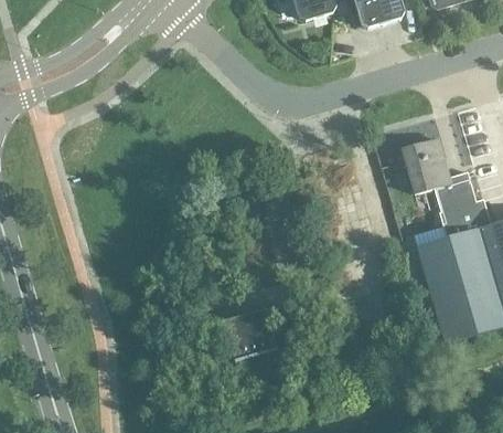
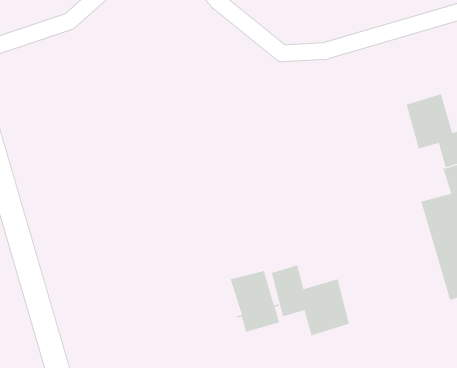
building: none -> [271,265,349,336]

